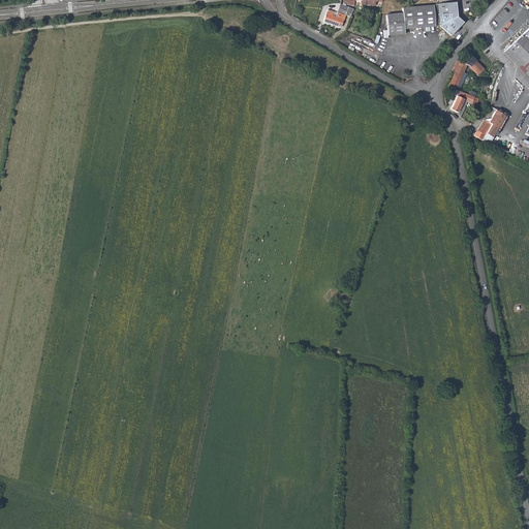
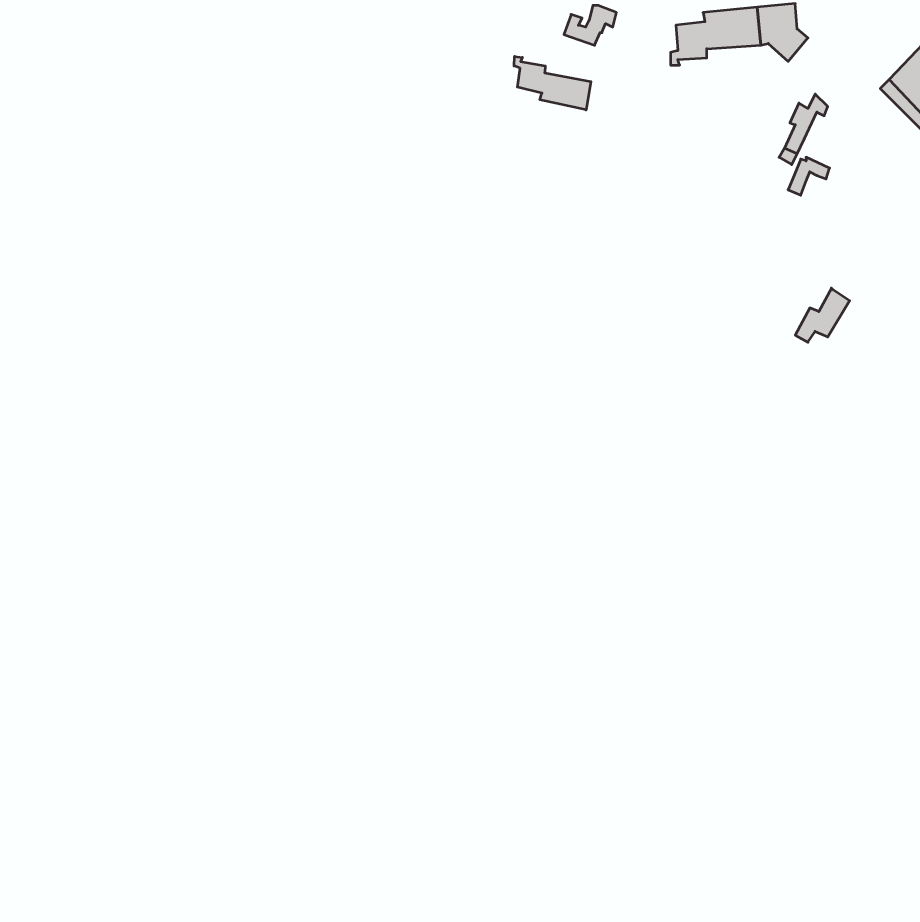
building: none -> [514,56,591,110]
building: [476,107,507,138] -> [795,288,850,342]

